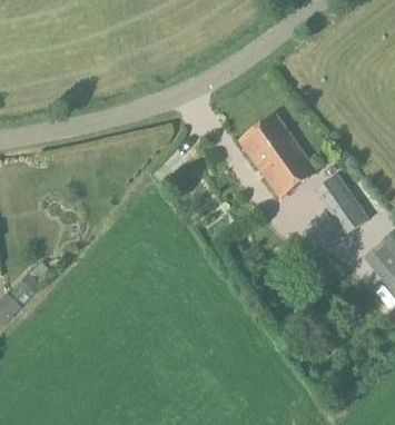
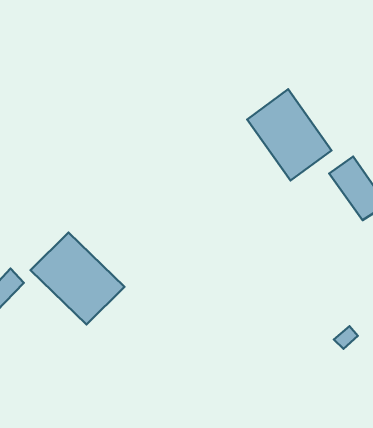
building: none -> [31,232,124,324]

